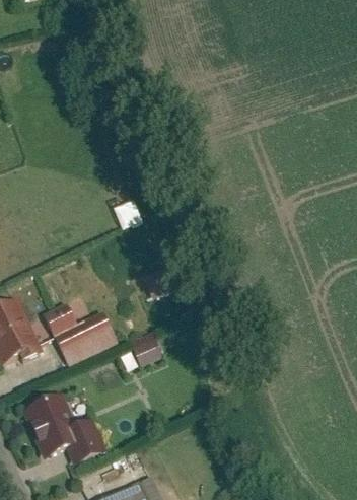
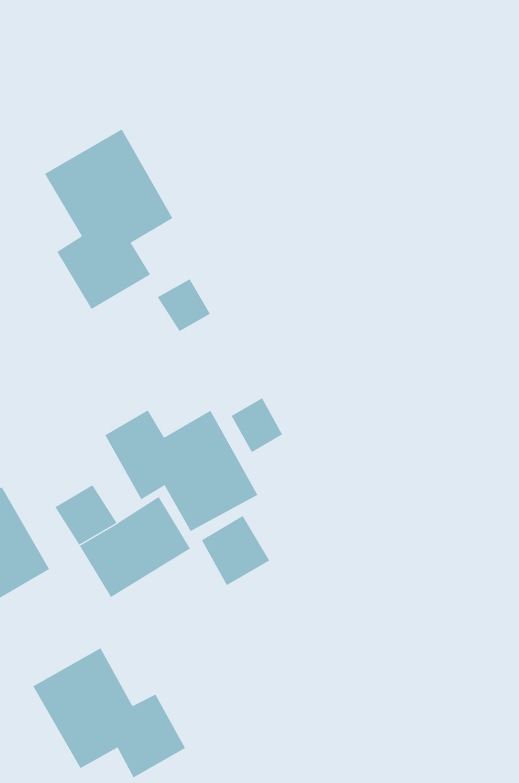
building: none -> [44,128,173,310]
building: none -> [104,409,258,532]

